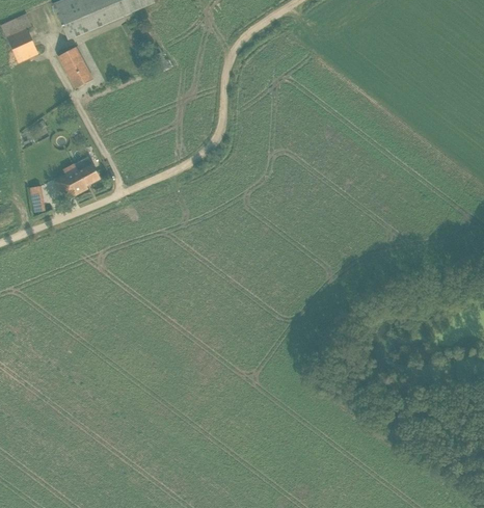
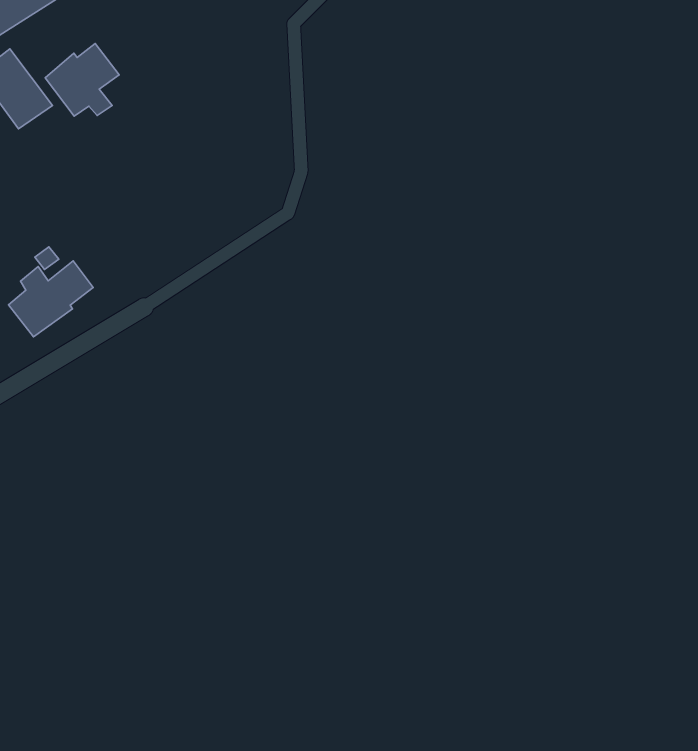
building: none -> [45,43,119,116]

